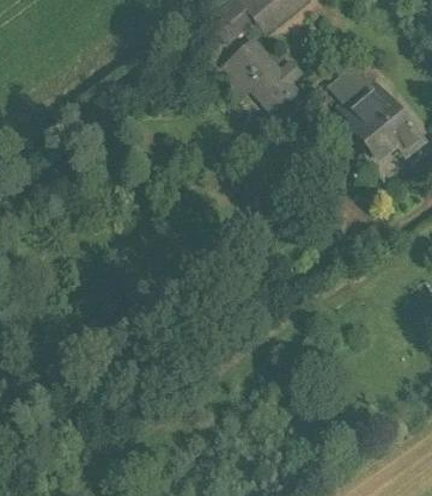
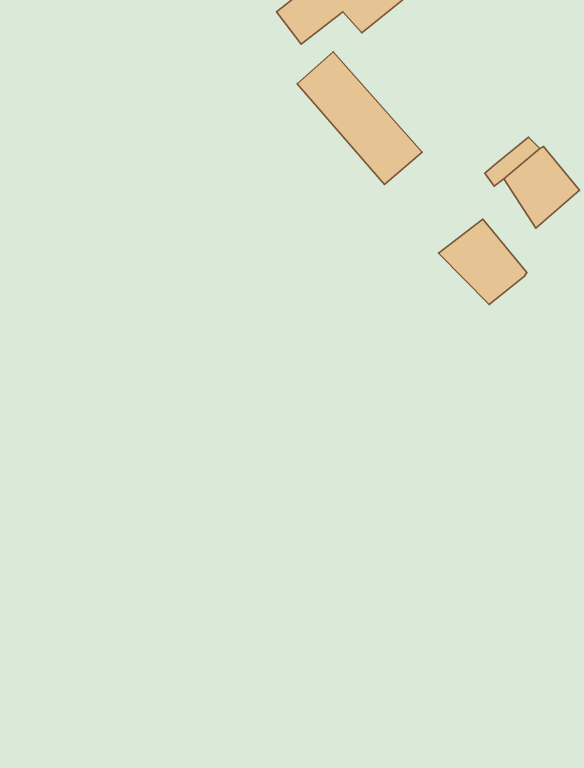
building: [336,71,375,110] -> none
building: none -> [439,219,527,305]

